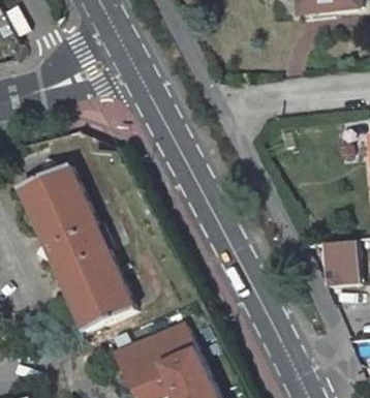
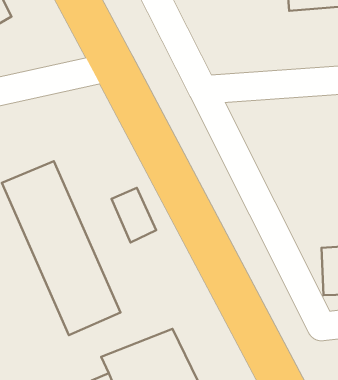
building: none -> [111,188,156,243]

